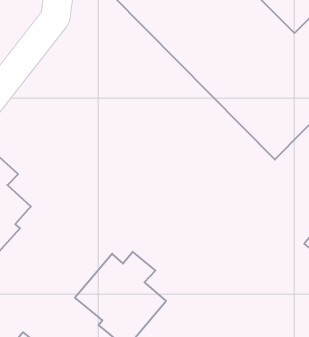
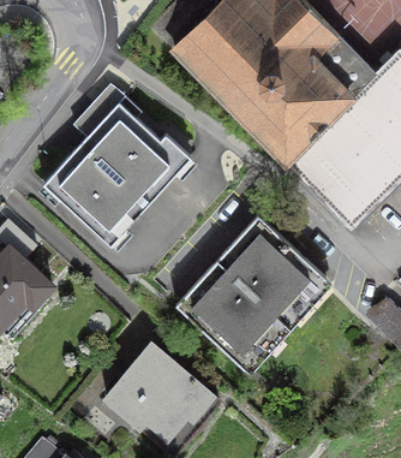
building: none -> [43,84,191,245]
building: none -> [176,218,325,367]

